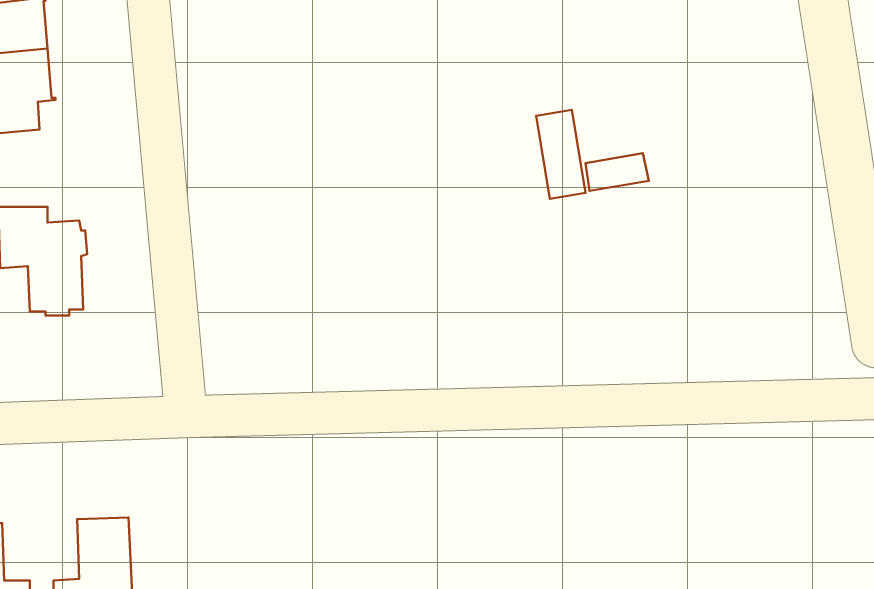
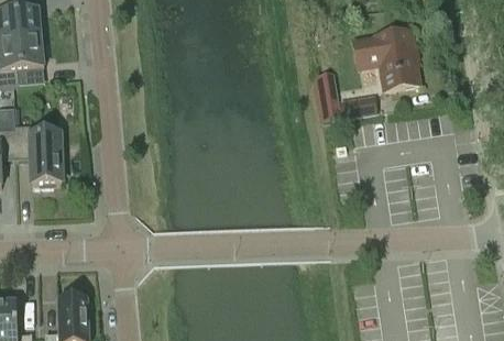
building: none -> [353,26,419,87]

